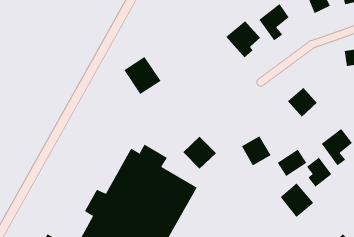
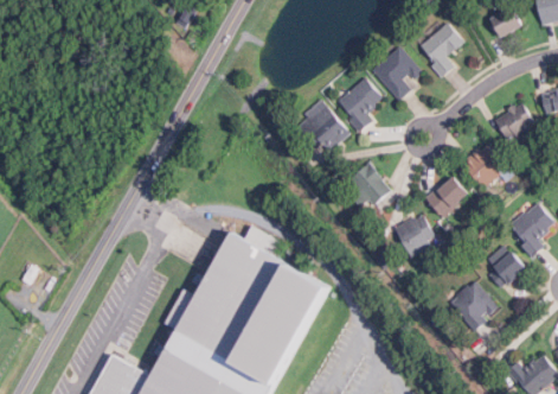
building: none -> [334,77,381,132]
building: [124,56,161,95] -> [293,100,347,155]
building: none -> [492,101,533,140]
building: [182,136,217,170] -> [340,164,390,212]
building: [277,149,307,177] -> [424,176,468,216]

